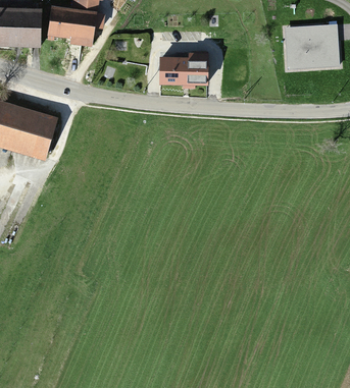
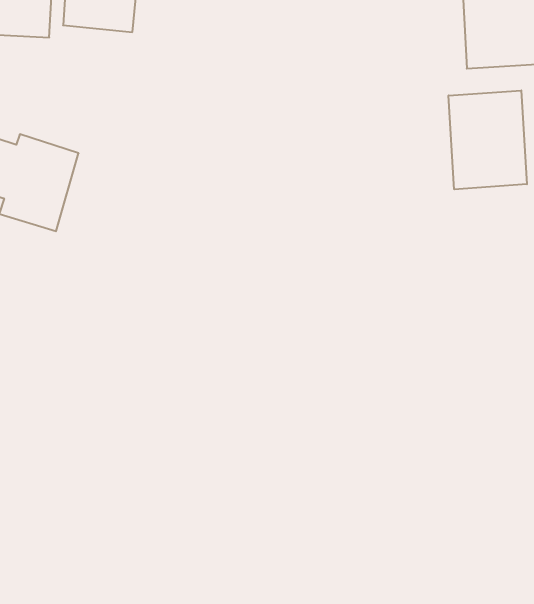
building: [162,55,208,86] -> none
building: none -> [449,90,527,189]

